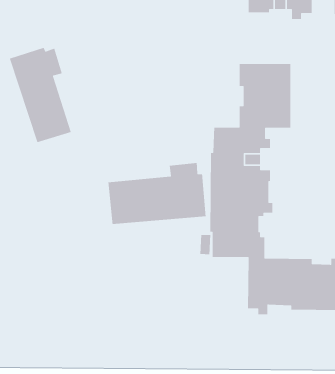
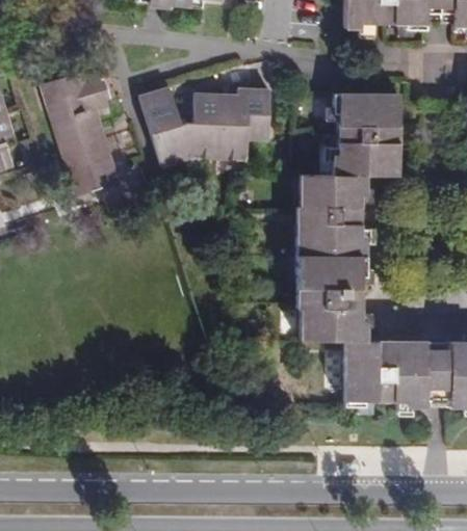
building: none -> [139,85,270,166]
building: [107,162,207,225] -> none

